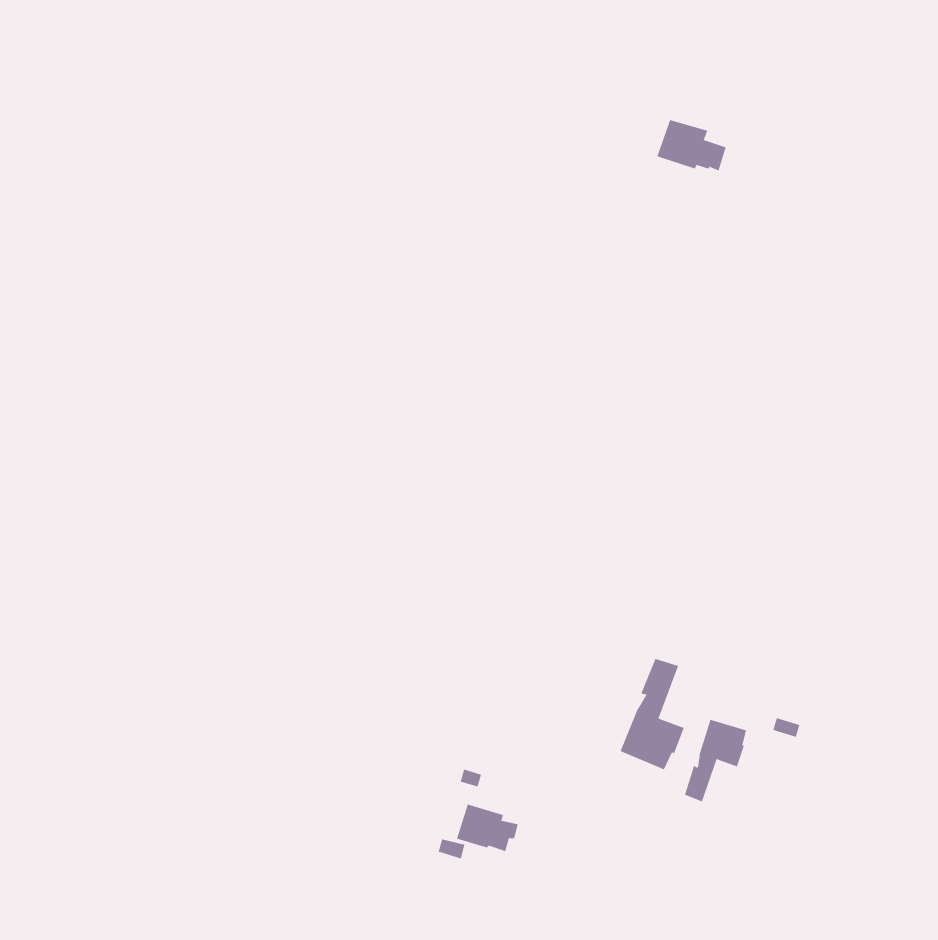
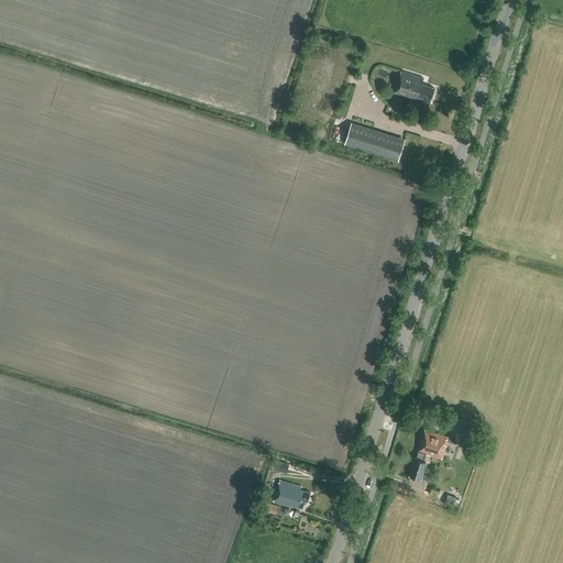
building: none -> [345,124,405,161]
building: [620,658,685,770] -> none

